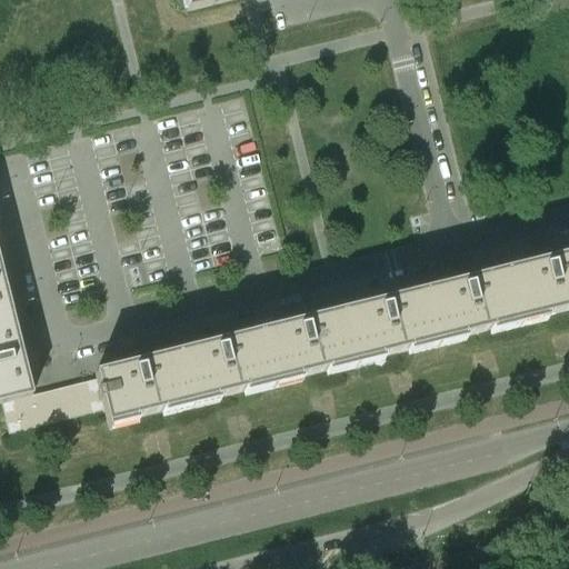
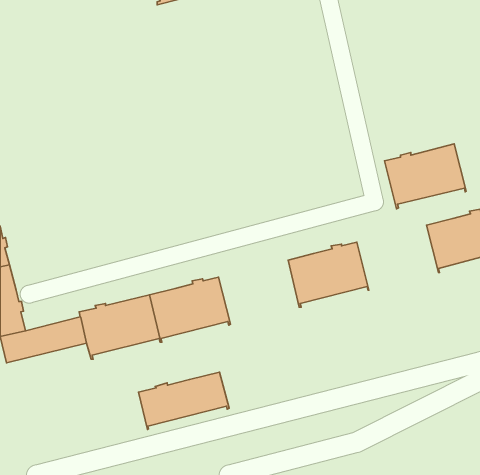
building: [422,266,519,342] -> [384,144,466,209]
building: [259,307,355,382] -> none
building: none -> [138,372,229,429]

